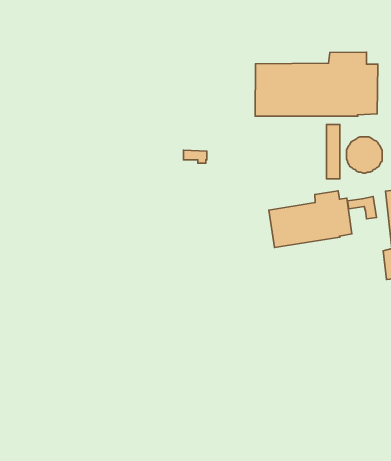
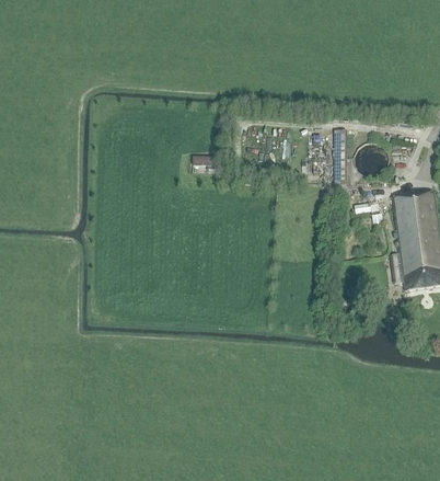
building: [255,52,378,116] -> none
building: [269,191,352,248] -> none

